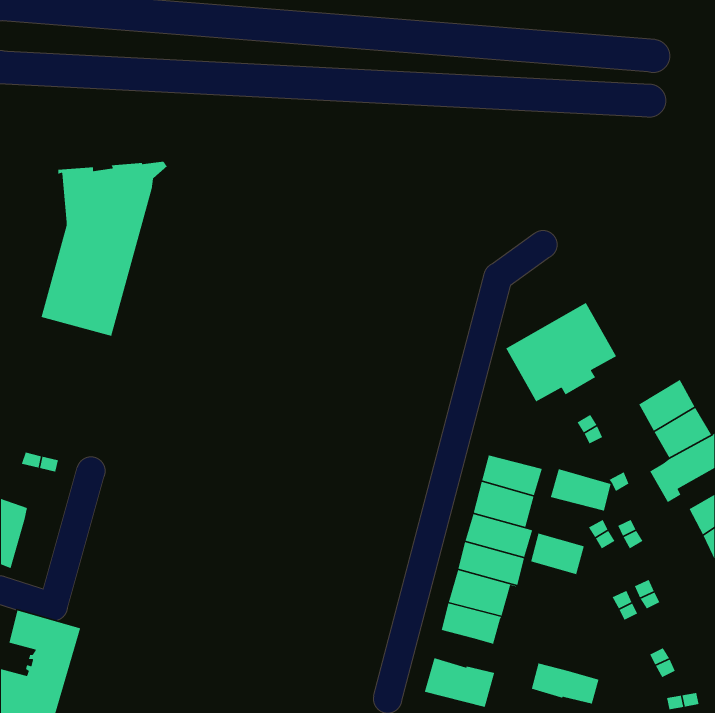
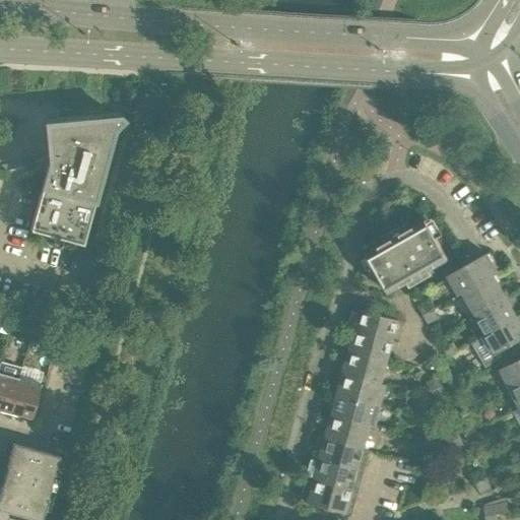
building: none -> [447,254,498,297]
building: [550,468,611,512] -> [354,310,399,341]
building: none -> [8,379,40,420]
building: [530,533,585,575] -> none
building: [531,662,599,704] -> [315,459,365,490]

